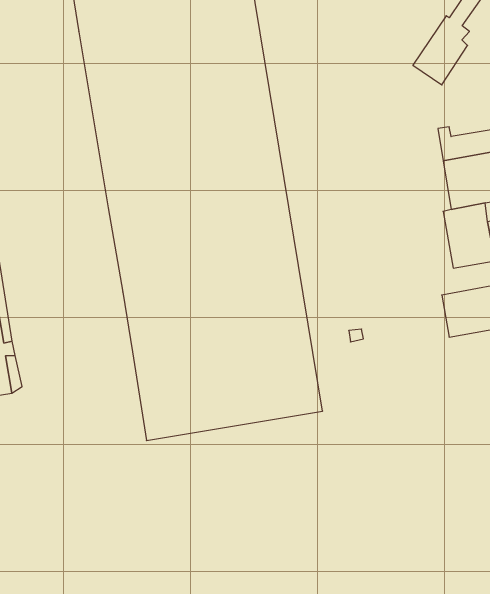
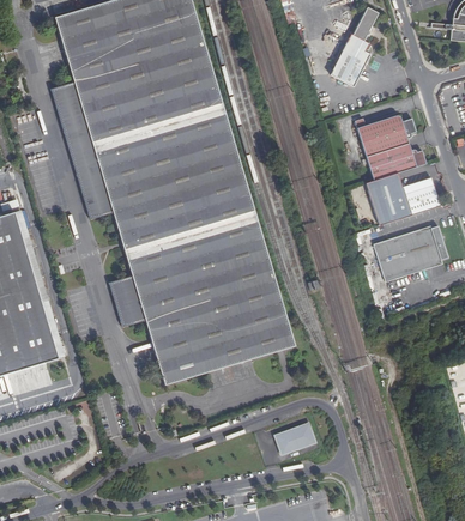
building: none -> [50,81,113,218]
building: none -> [108,274,145,326]
building: none -> [273,422,314,453]

